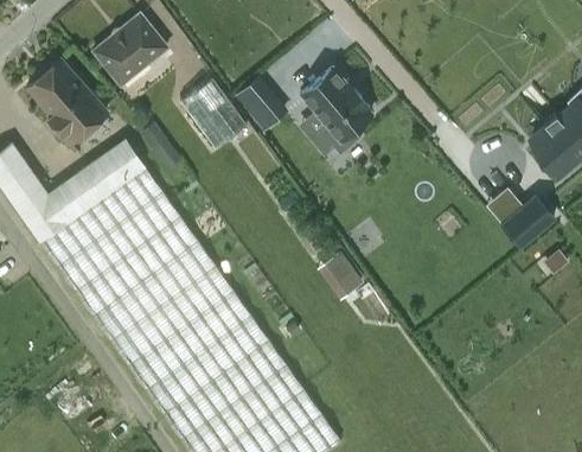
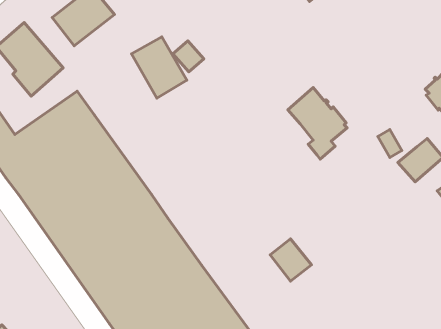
building: [302,68,372,152] -> [288,88,347,159]
building: [320,249,369,299] -> [270,239,311,281]

